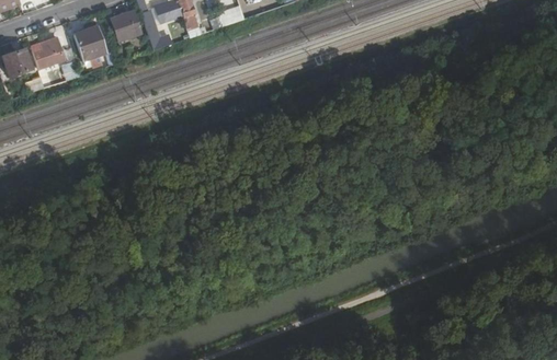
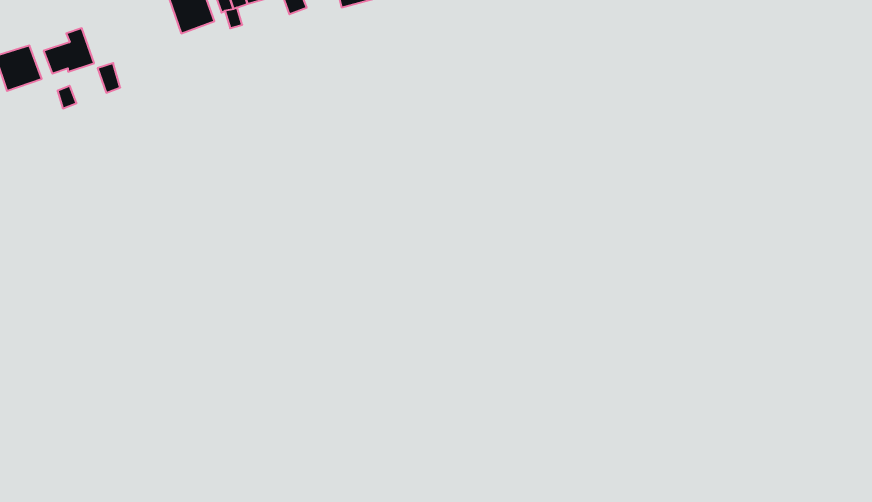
building: [75,26,106,60] -> none

